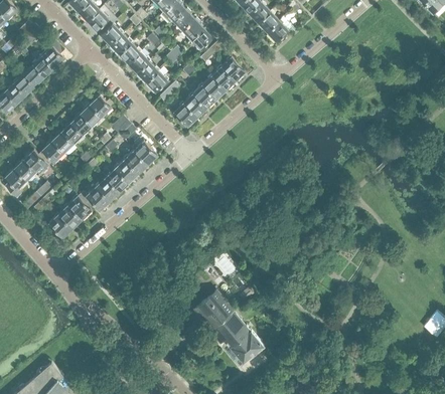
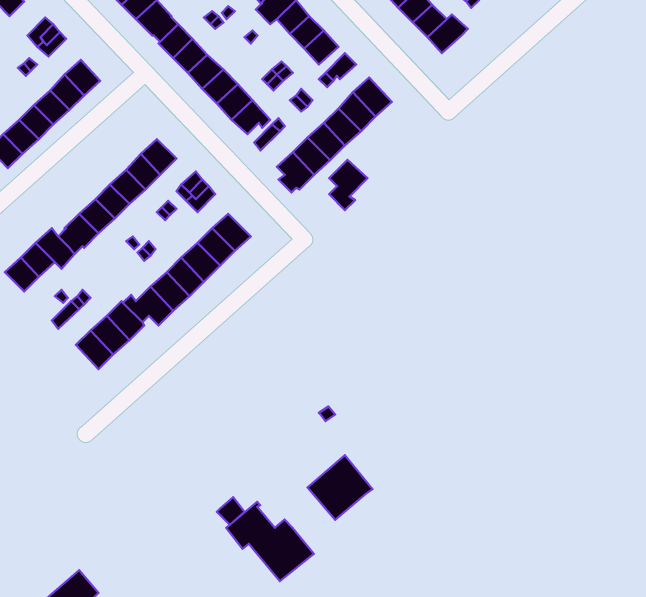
building: none -> [329,160,368,210]
building: [209,316,264,365] -> [226,502,314,581]

